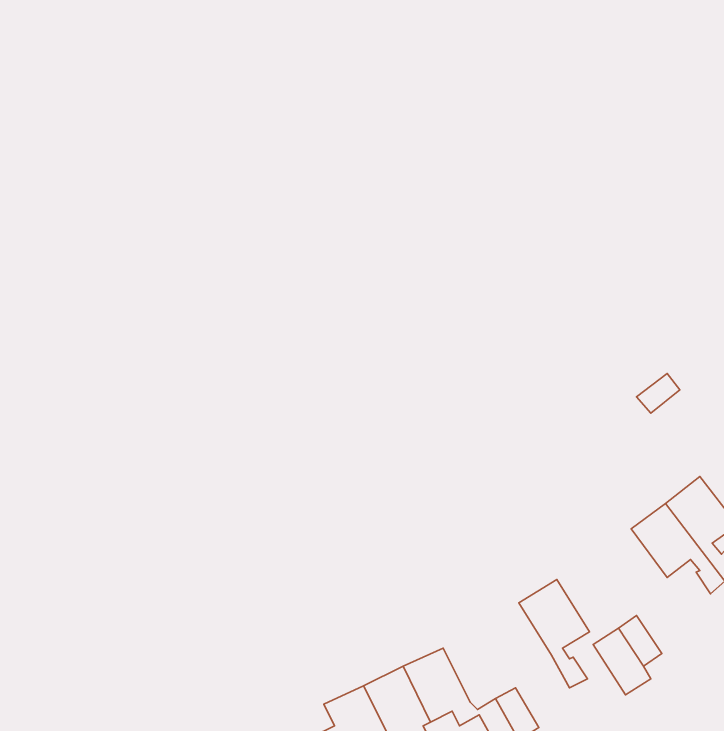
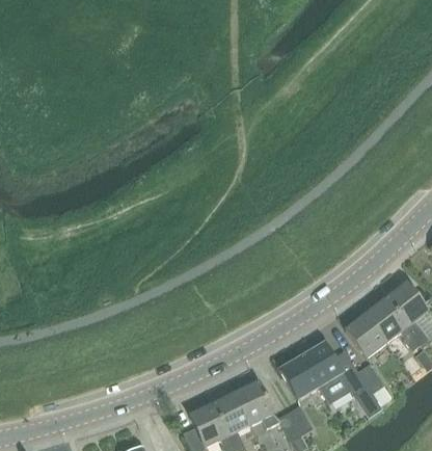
building: none -> [345,313,386,362]
building: none -> [279,355,320,399]

